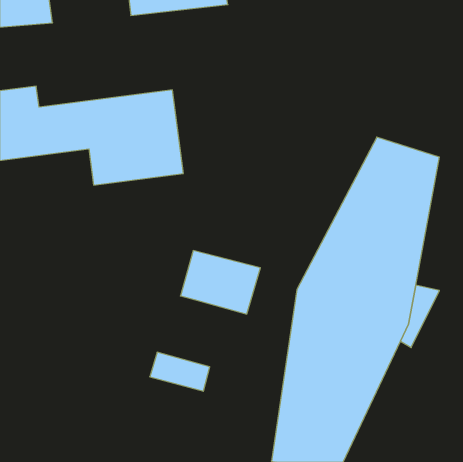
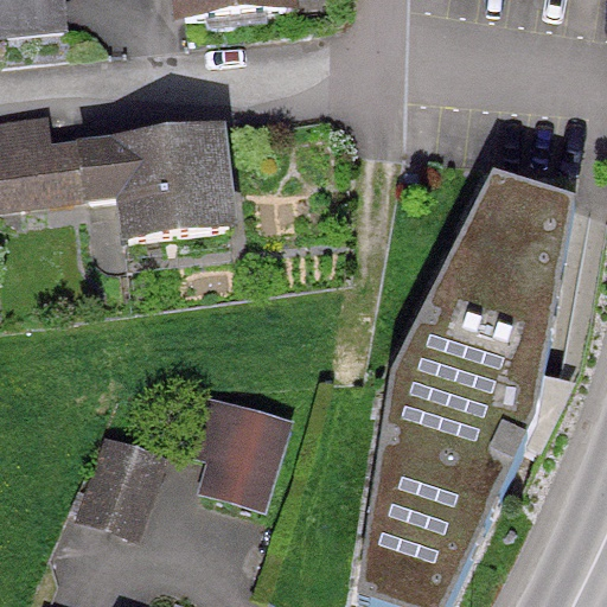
building: [180,251,260,314] -> [187,396,292,479]
building: none -> [74,434,165,541]

